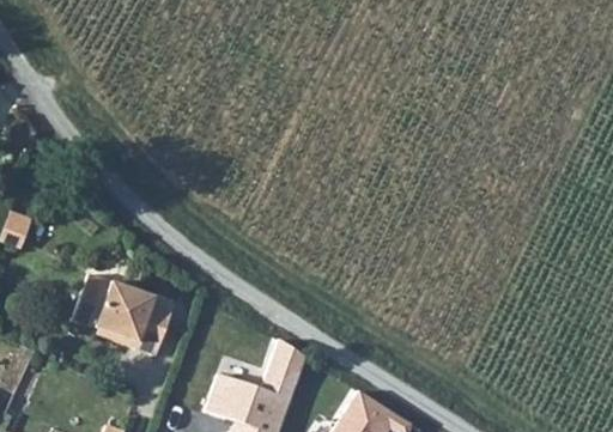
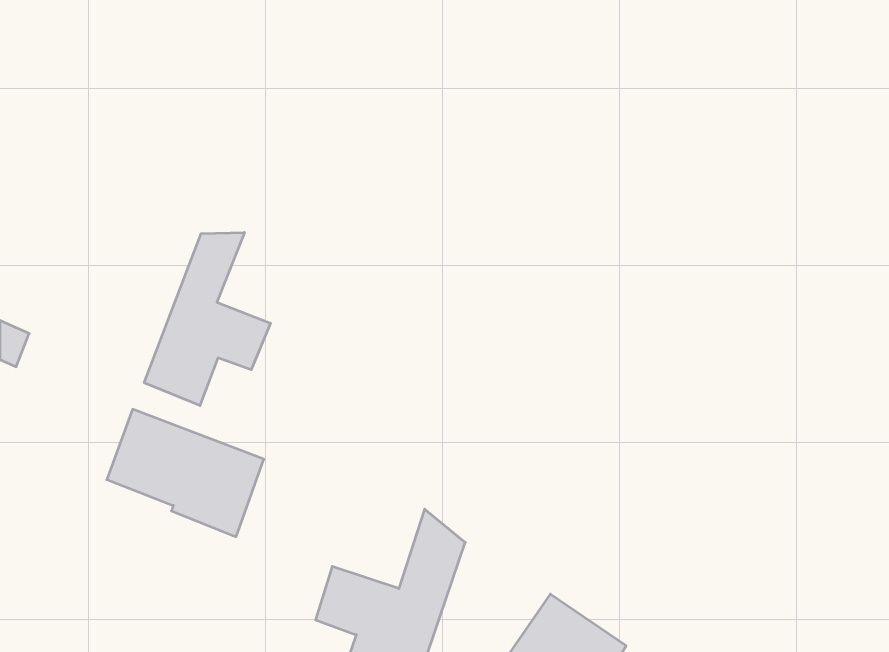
building: none -> [144,232,270,406]

